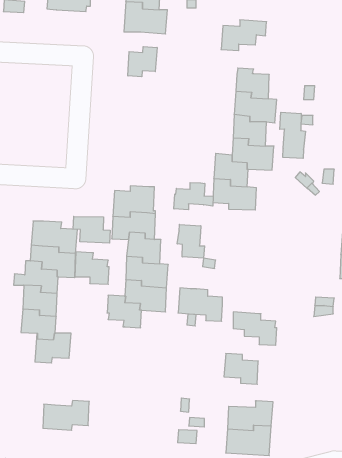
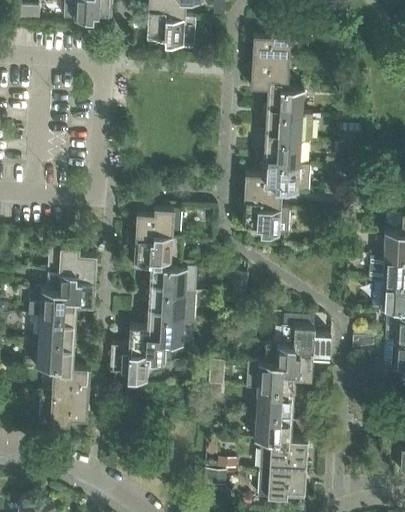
building: none -> [251,56,289,89]
building: [128,47,157,77] -> none
building: [280,112,305,158] -> none
building: [174,183,213,210] -> none
building: [73,216,110,243] -> none
building: [177,224,205,258] -> none
building: [75,252,109,284] -> [111,345,148,380]
building: [178,288,222,321] -> [245,362,293,398]
building: none -> [293,327,331,363]
building: none -> [254,415,291,448]
building: [43,401,89,430] -> [38,394,88,426]

